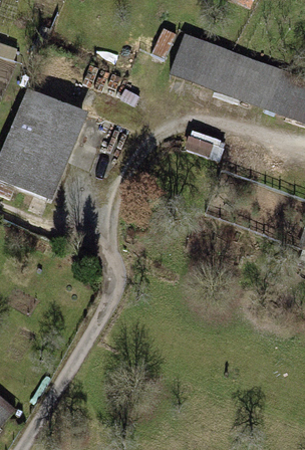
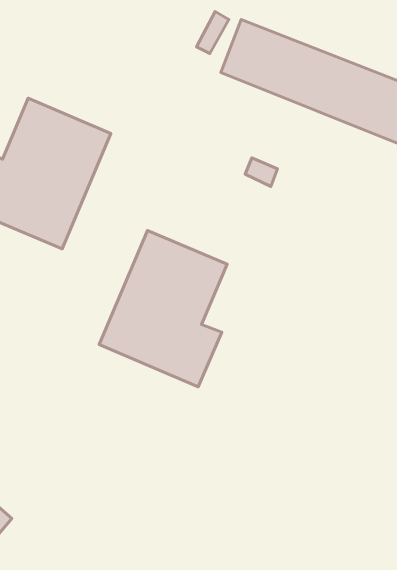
building: none -> [99,231,227,387]

